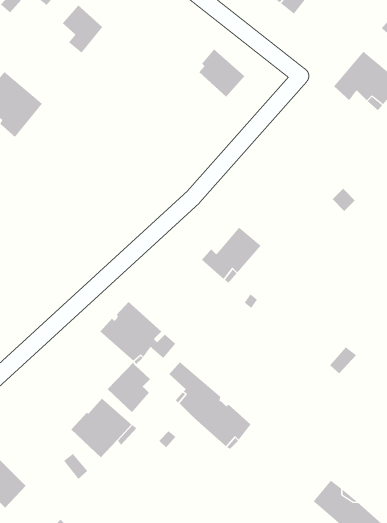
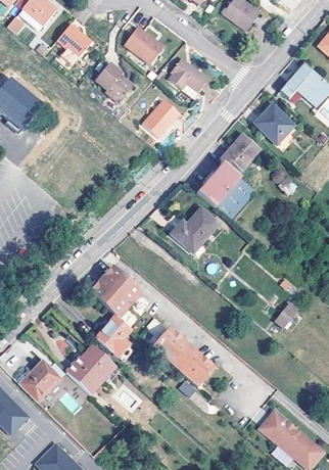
building: none -> [127,26,166,63]
building: none -> [95,60,133,99]
building: none -> [253,103,292,142]
building: none -> [137,107,173,145]
building: none -> [196,133,259,219]
building: none -> [17,361,58,402]

